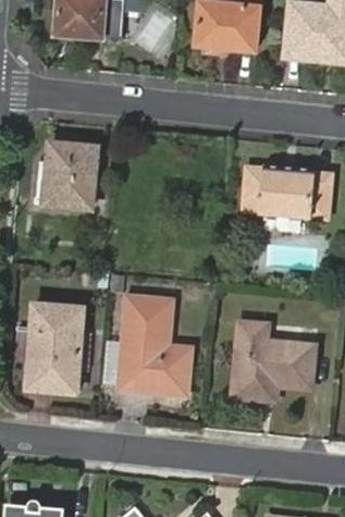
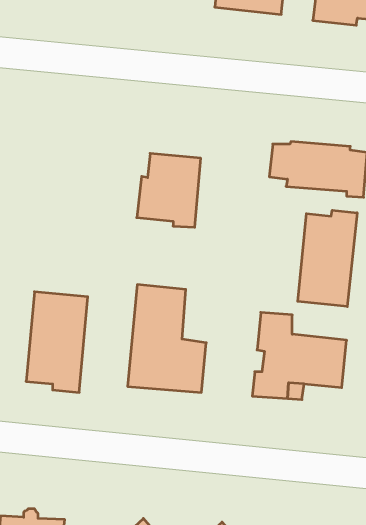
building: [38,144,96,210] -> [137,153,201,227]
building: none -> [298,210,357,307]

